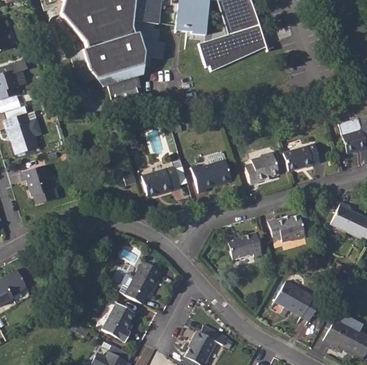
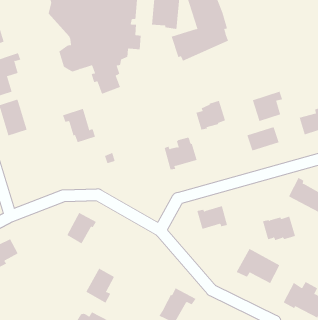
building: none -> [252,91,283,122]
building: [245,149,279,183] -> [196,100,226,130]
building: [20,166,58,205] -> [62,108,96,143]
building: [141,166,180,195] -> none
building: [267,213,305,241] -> [262,216,296,241]
building: [129,262,163,298] -> [67,212,97,244]

